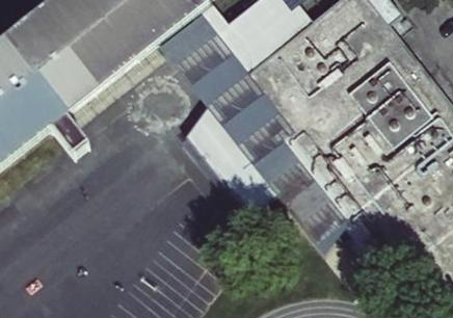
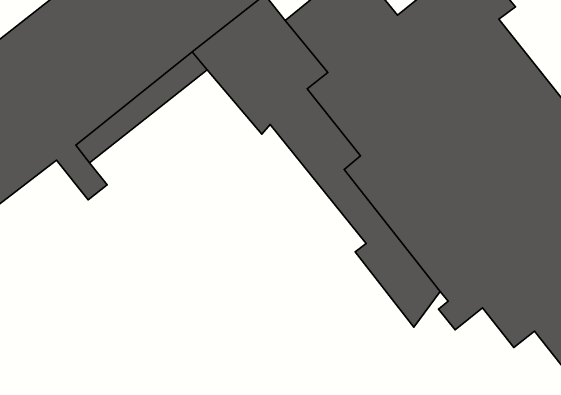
building: [184,97,285,215] -> none

